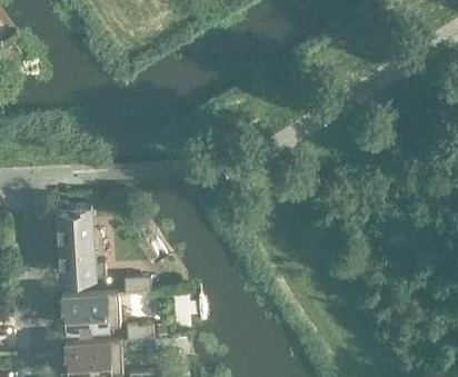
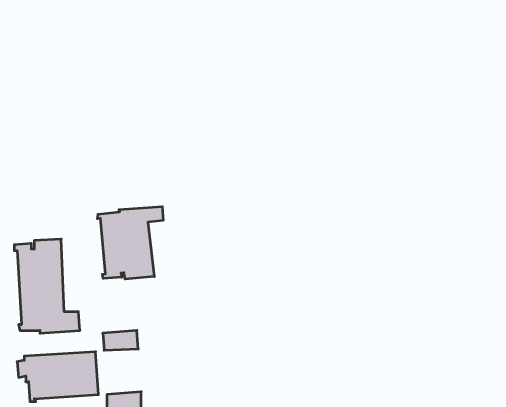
building: none -> [97,207,163,279]

